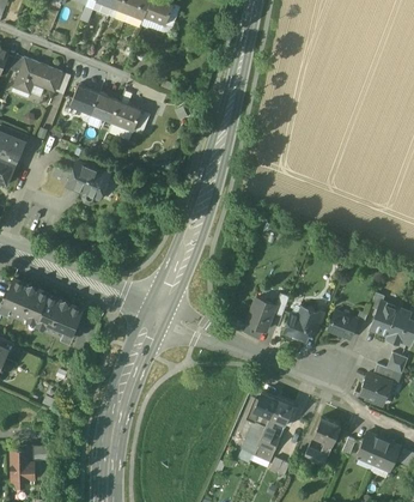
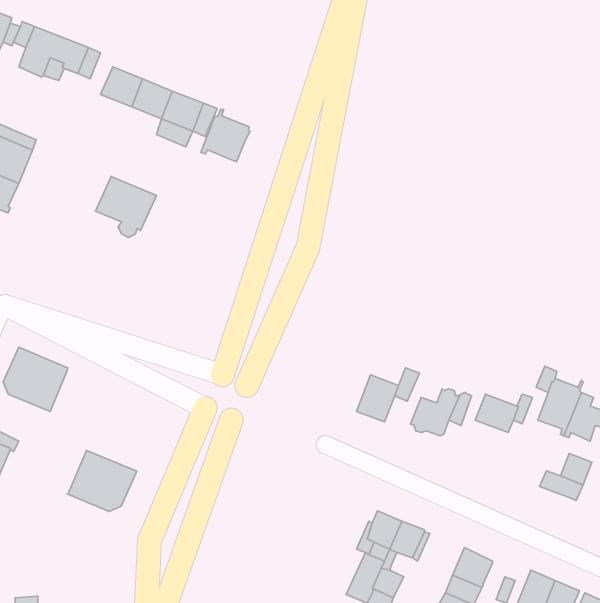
building: none -> [201,109,250,162]
building: [35,295,83,337] -> [67,450,137,511]
building: [360,374,391,405] -> none

